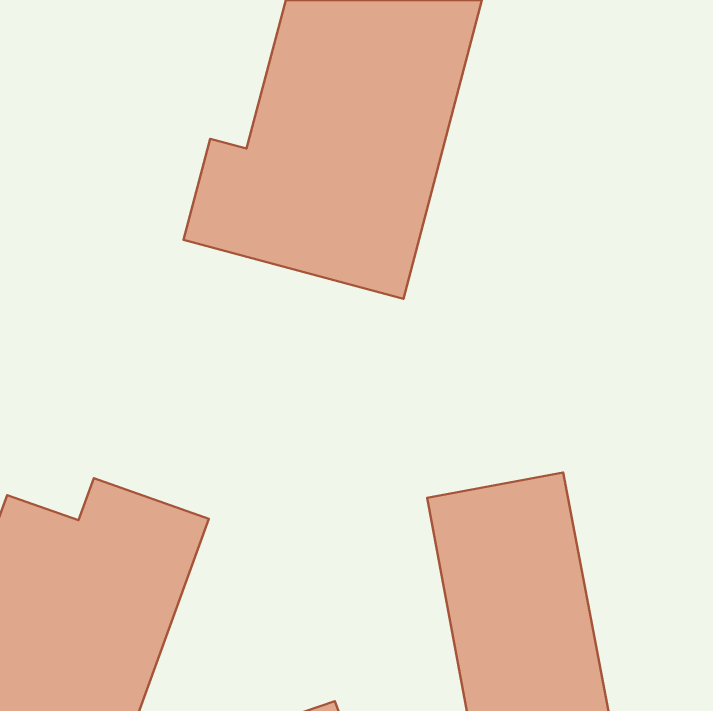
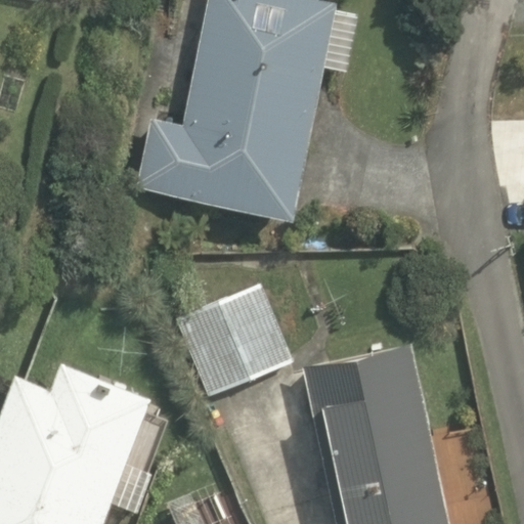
building: none -> [175,295,287,398]

